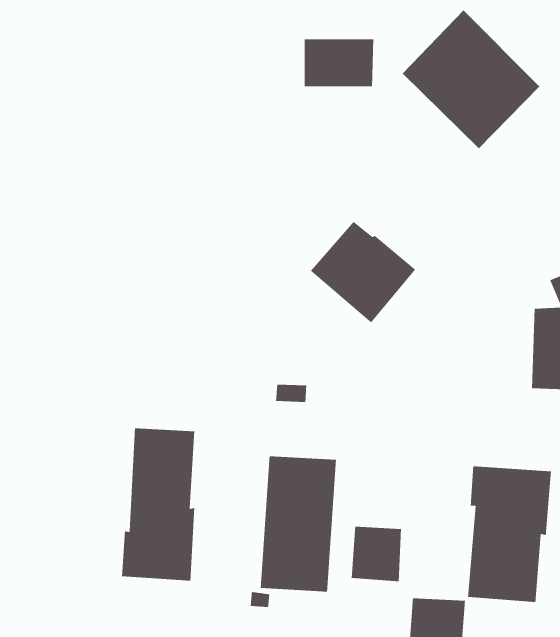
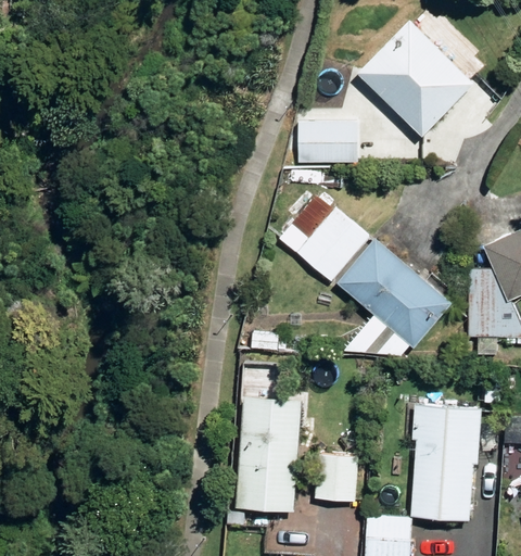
building: [304,39,374,87] -> [297,123,357,164]
building: none -> [335,236,453,355]
building: [121,427,195,582] -> none

